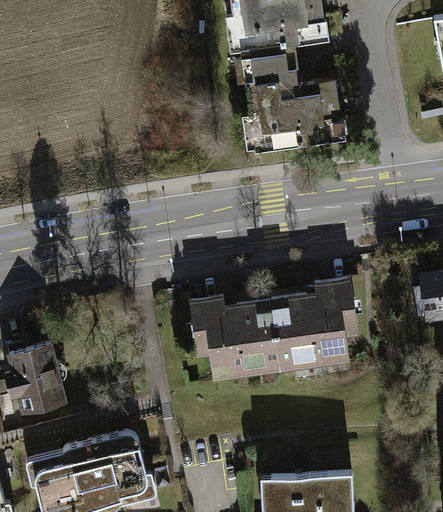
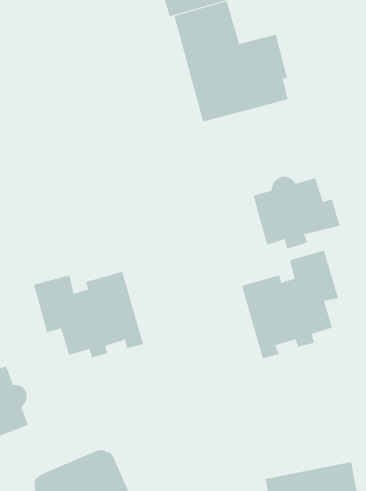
building: none -> [253,176,340,249]
building: [189,298,281,375] -> [33,271,144,358]

